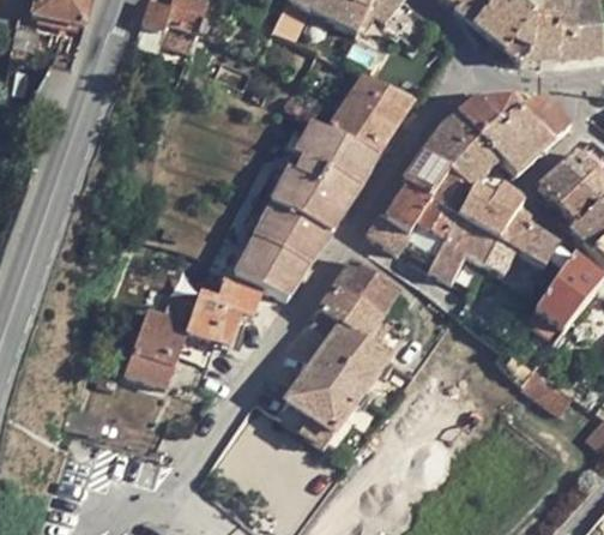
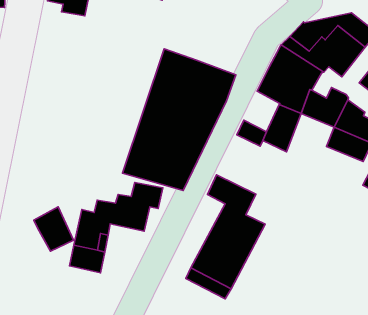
building: [330,73,415,152] -> none
building: [381,178,431,233] -> none
building: [429,215,499,281] -> none
building: [336,256,400,313] -> none
building: none -> [34,207,73,251]

